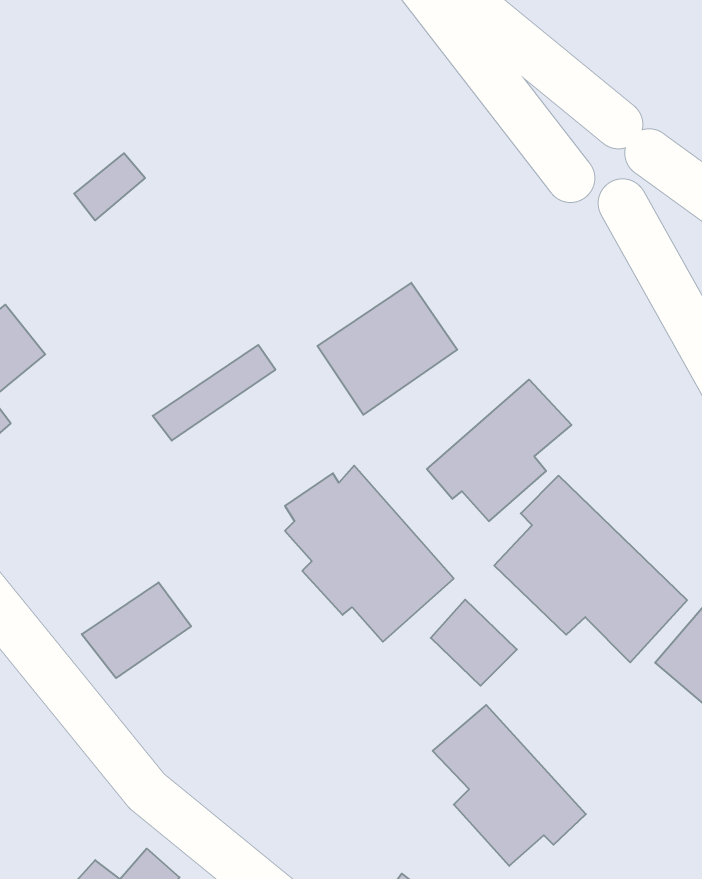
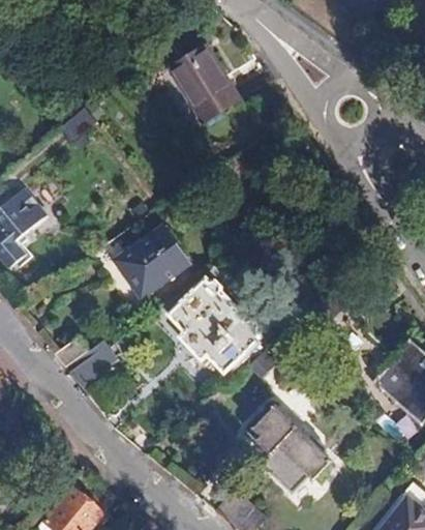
building: none -> [166,50,239,127]
building: [317,283,457,415] -> [115,228,190,299]
building: [427,380,571,521] -> none
building: [494,476,687,662] -> none

